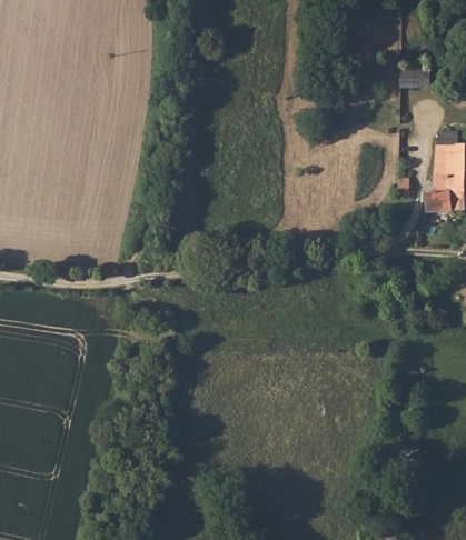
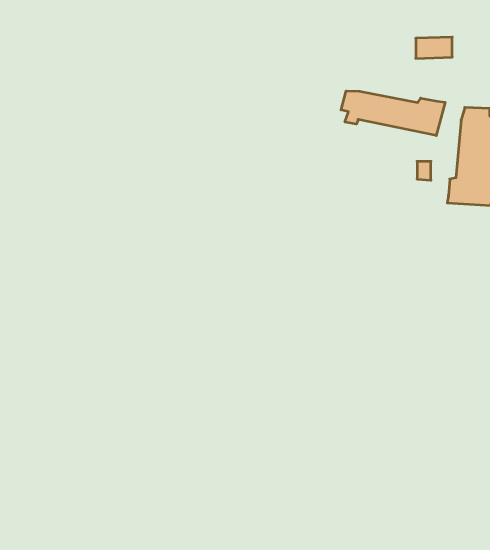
building: none -> [341,91,445,136]

